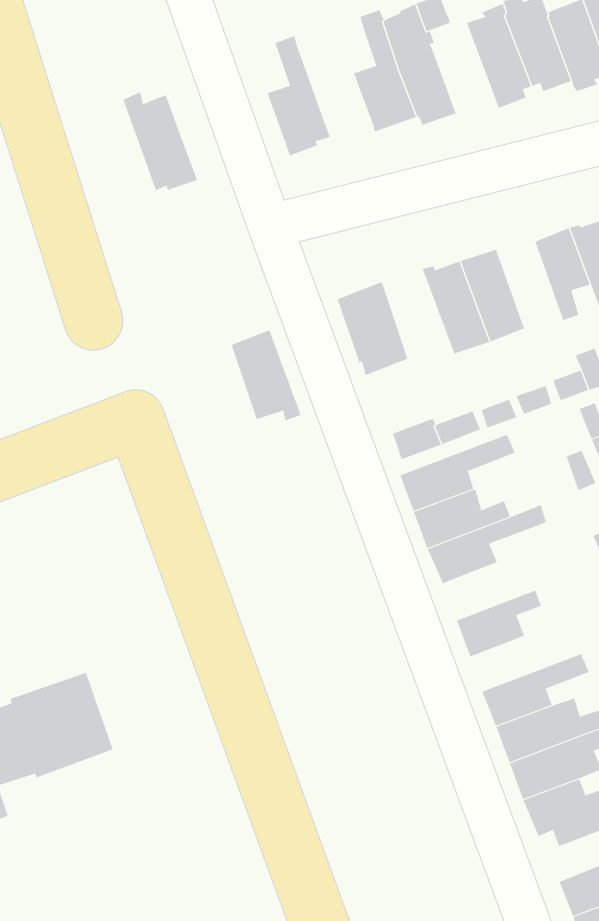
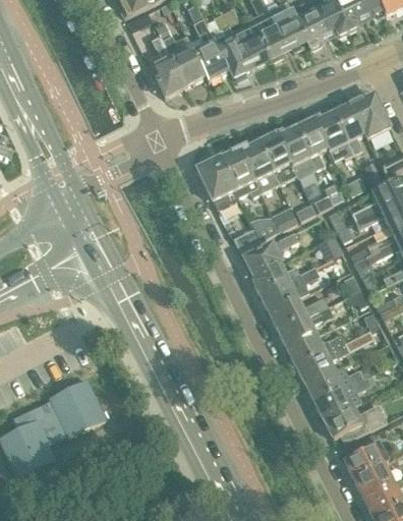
building: none -> [232,28,269,67]
building: [122,92,198,191] -> [163,36,207,86]
building: none -> [278,129,316,178]
building: [231,330,302,421] -> [221,150,262,197]
building: none -> [269,296,327,331]
building: none -> [287,333,345,366]

